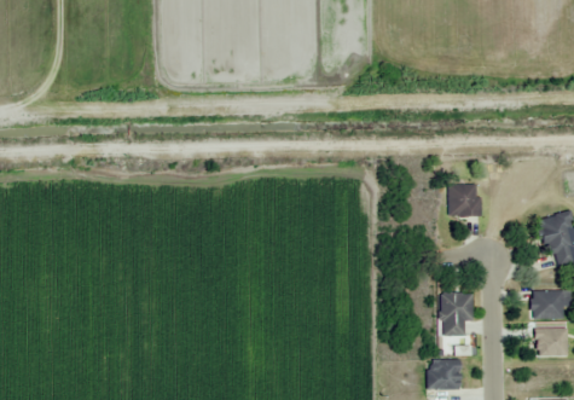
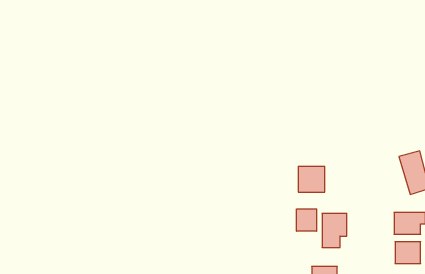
building: [447,184,481,216] -> [298,166,325,192]
building: none -> [297,209,317,231]

